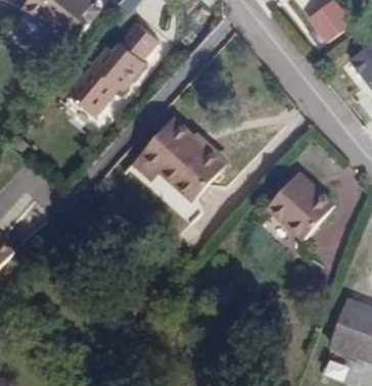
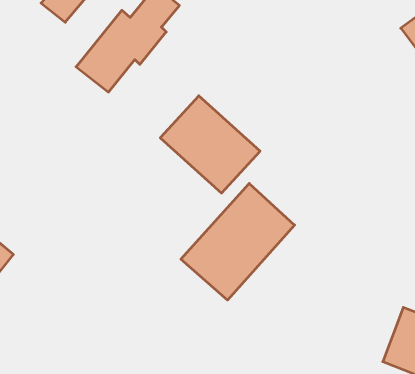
building: [267,172,335,240] -> none
building: none -> [181,183,295,300]

